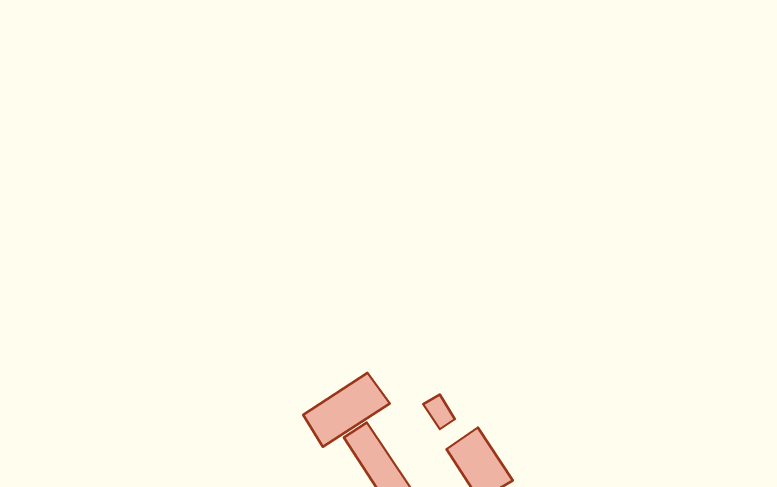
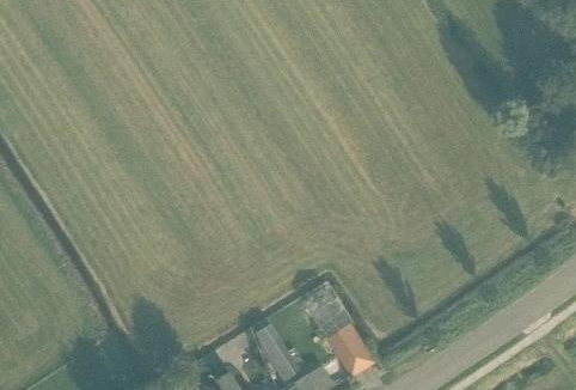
building: [303,373,390,447] -> none

